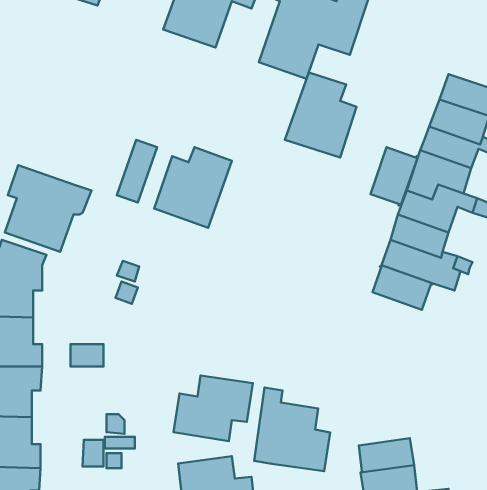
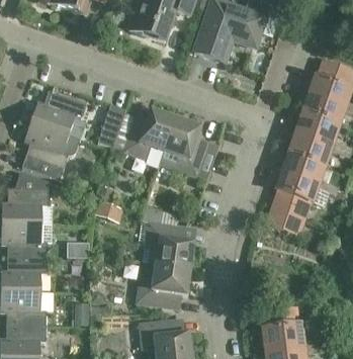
building: [285,73,357,158] -> [160,118,208,176]
building: none -> [31,91,86,139]
building: [370,147,418,205] -> none
building: none -> [265,207,304,237]
building: [254,388,330,471] -> [143,212,194,269]

